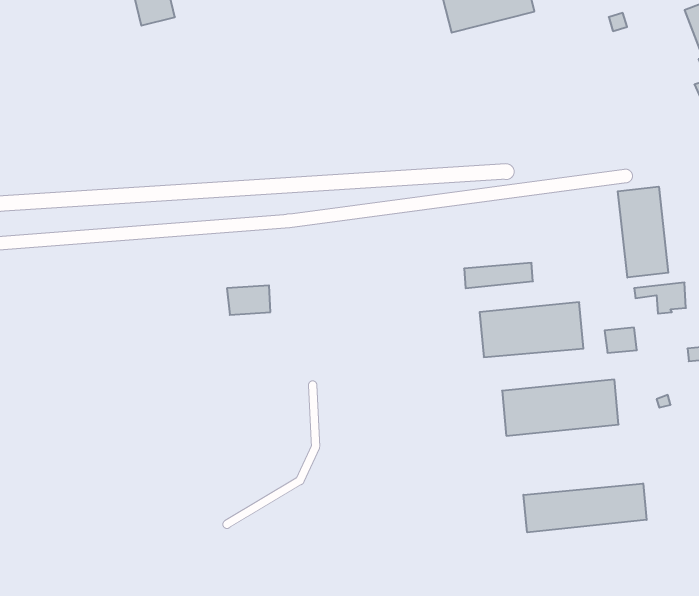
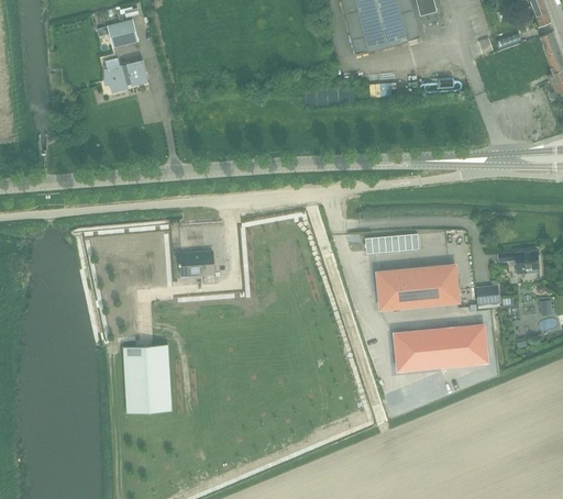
building: none -> [107,59,148,92]
building: [618,187,668,278] -> none
building: none -> [123,344,172,414]
building: [523,483,647,532] -> none

